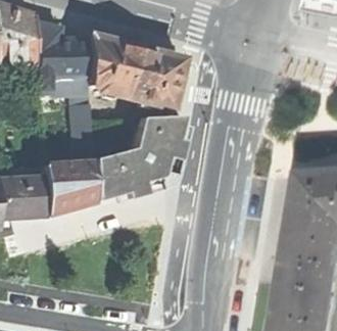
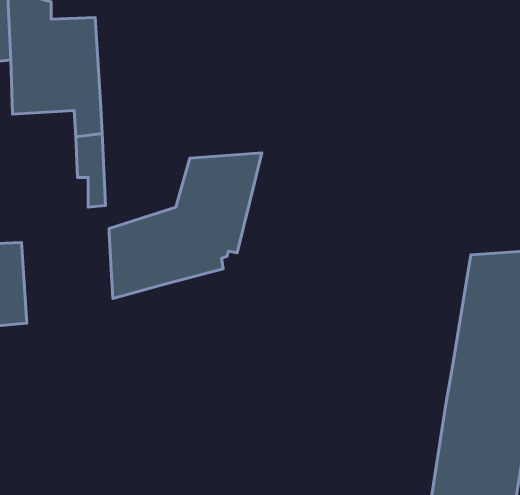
building: [82,34,178,105] -> none
building: [39,161,92,214] -> none

